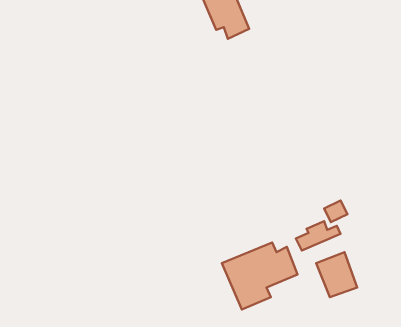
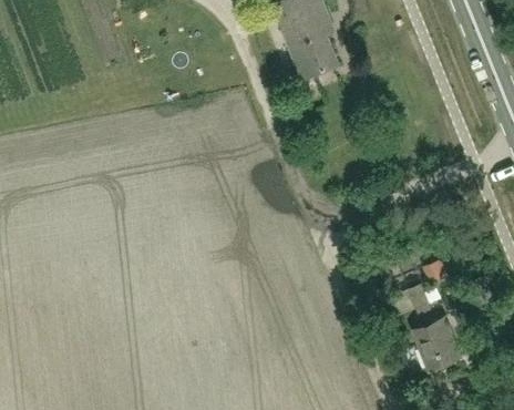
building: [222,243,298,310] -> none

